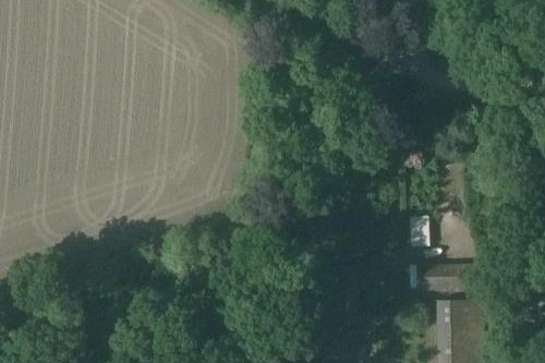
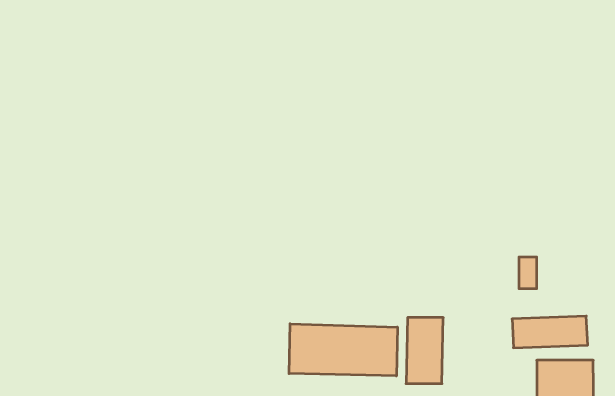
building: none -> [289,324,397,376]

